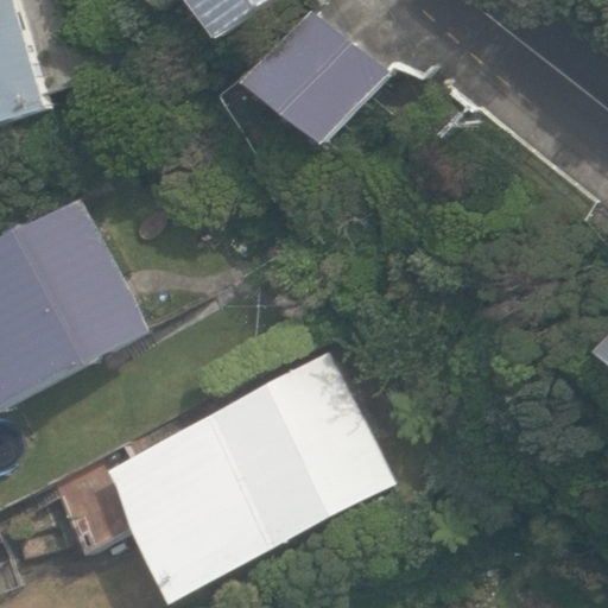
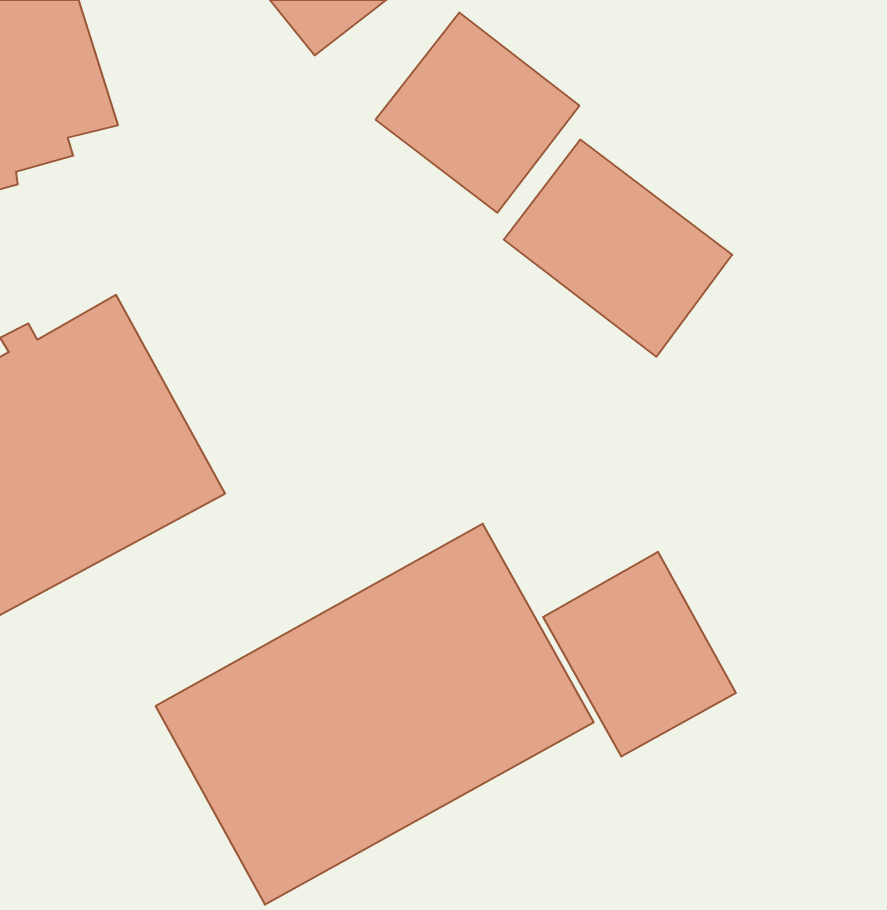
building: none -> [504,140,732,357]
building: none -> [543,552,736,757]

